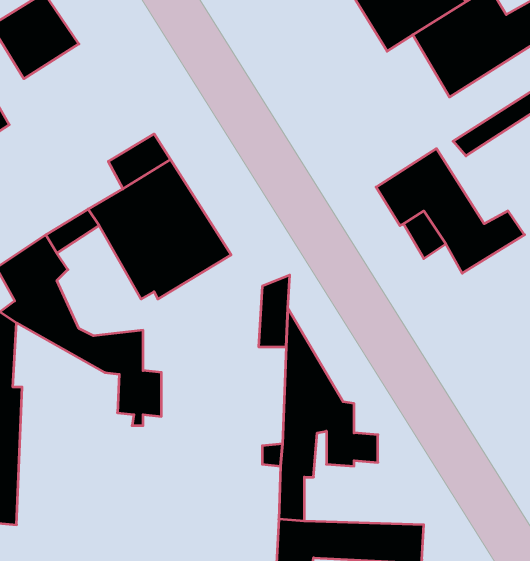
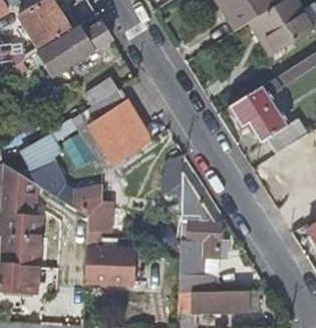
building: none -> [35,15,111,76]
building: none -> [87,229,135,282]

